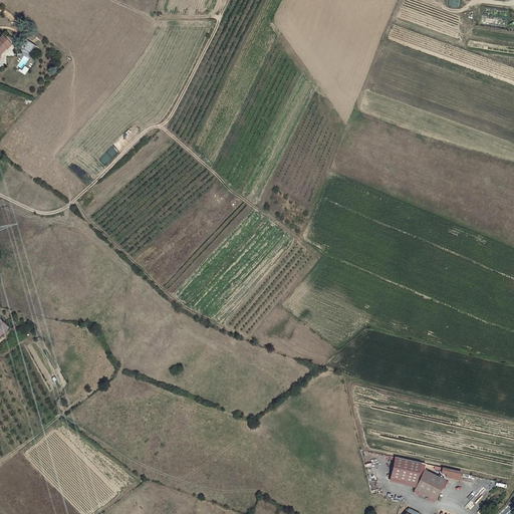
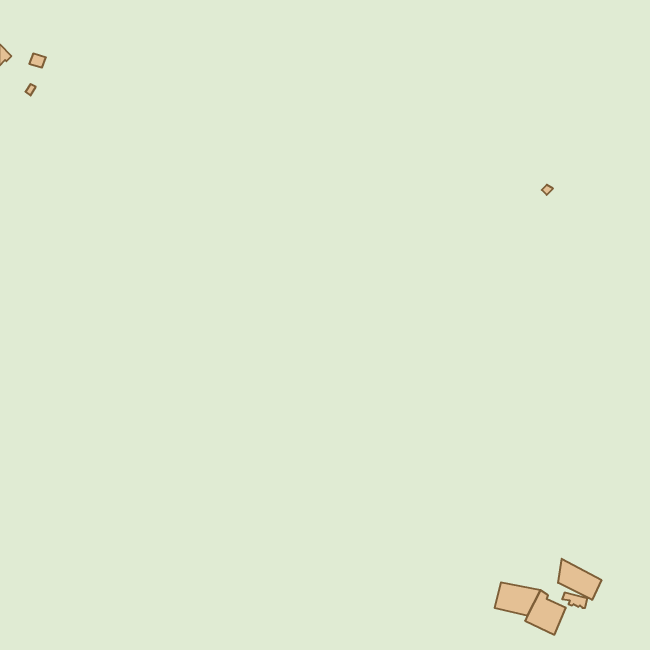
building: none -> [558,559,601,600]

